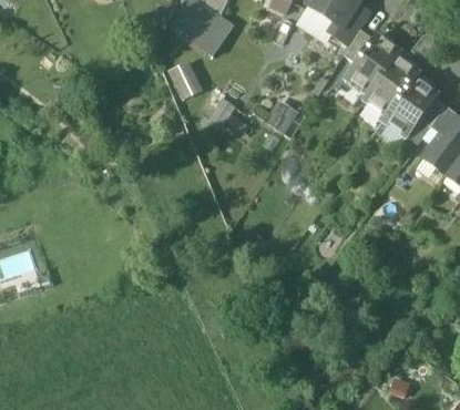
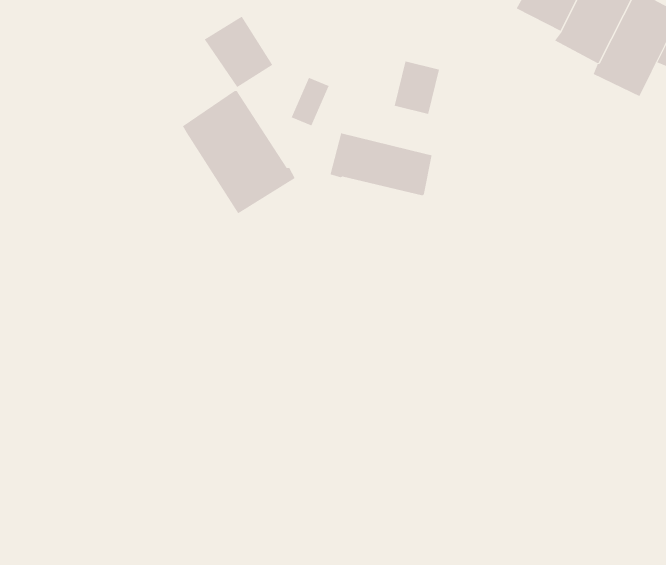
building: none -> [182,90,295,214]
building: none -> [330,133,432,196]

